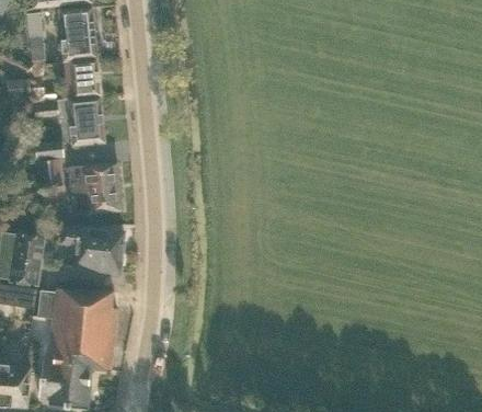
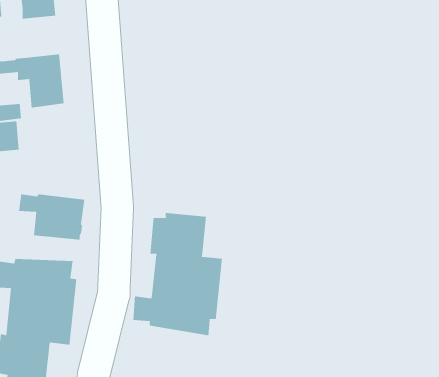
building: [62,57,99,96] -> none
building: [66,161,119,213] -> none
building: none -> [133,212,223,336]

